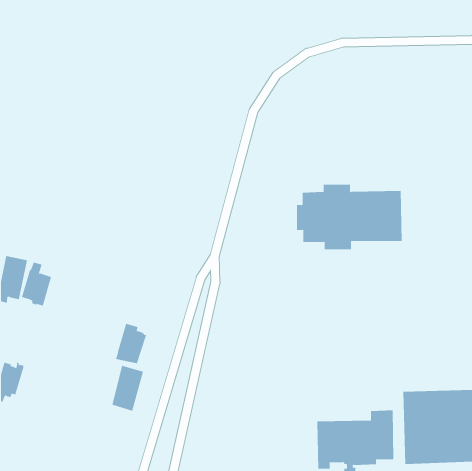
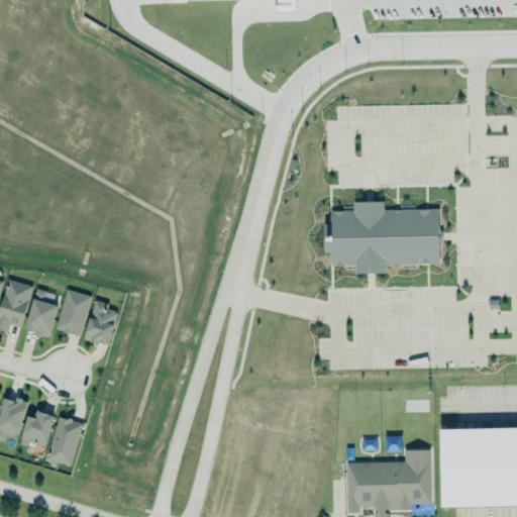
building: none -> [56,288,92,335]
building: [115,323,147,364] -> [84,299,118,343]
building: [111,365,144,411] -> [47,417,83,468]
building: none -> [19,410,55,447]

